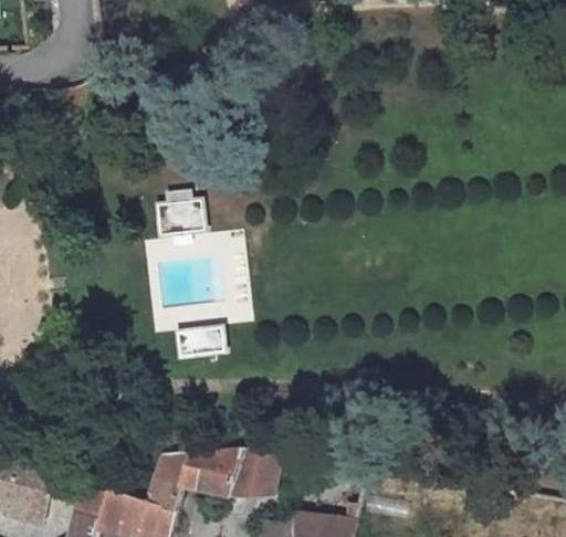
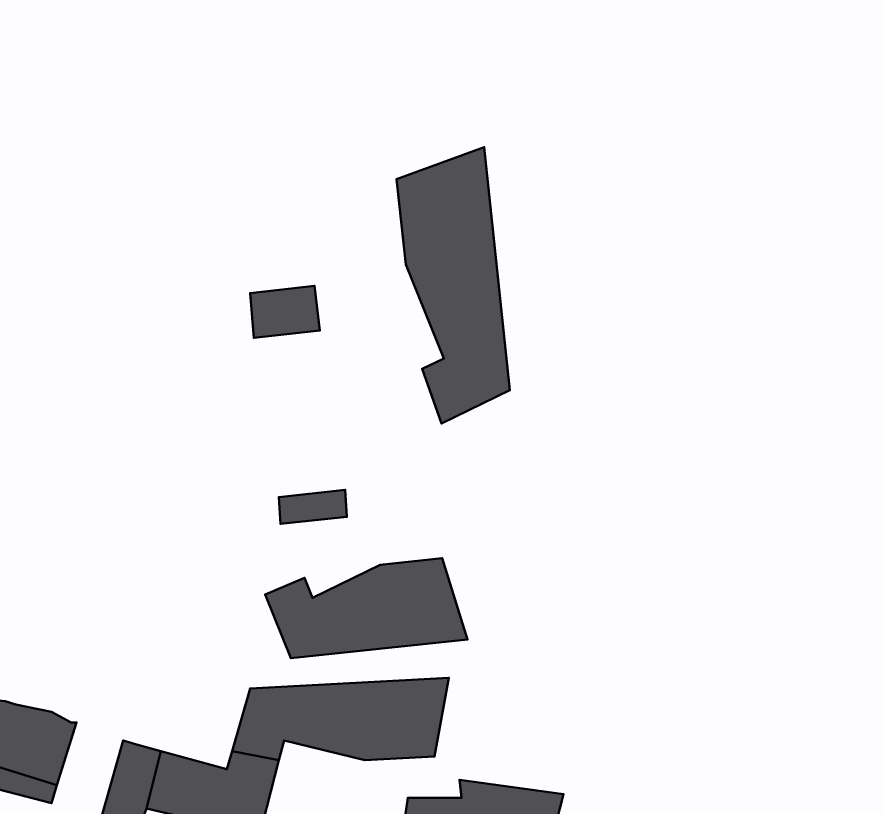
building: none -> [397,147,510,423]
building: none -> [265,558,468,658]

